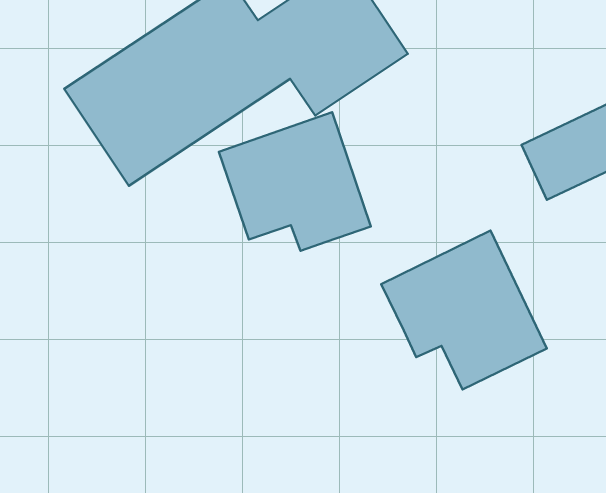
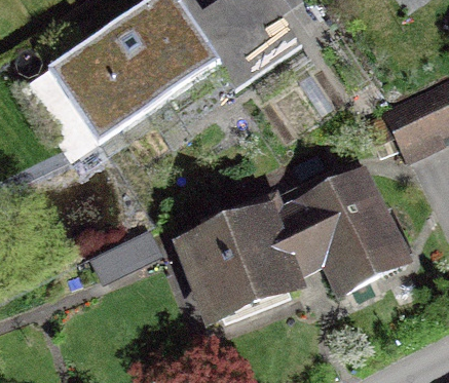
building: [219,112,371,251] -> none
building: none -> [178,193,297,320]

